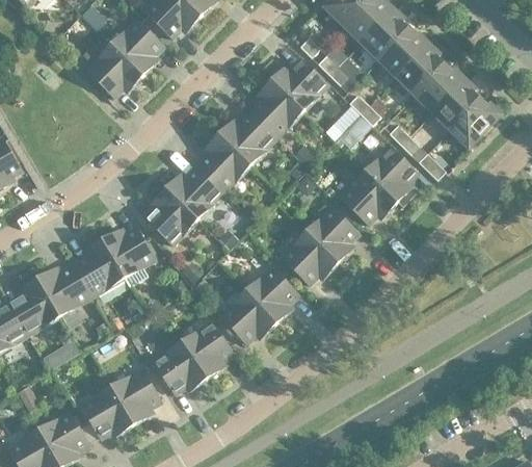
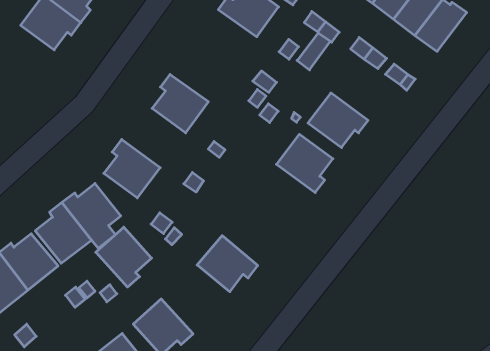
building: [250,80,303,136] -> none
building: [218,112,275,164] -> none
building: [365,146,418,204] -> none
building: [165,166,222,219] -> none
building: [282,231,338,284] -> none
building: [246,266,298,322] -> none
building: [182,321,233,378] -> [96,227,152,287]

